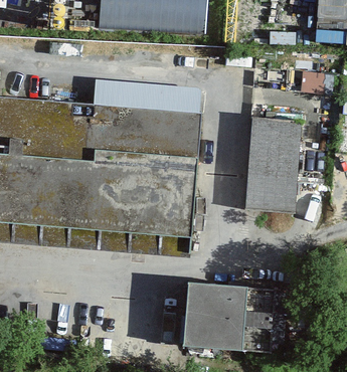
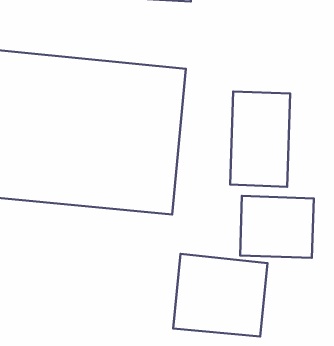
building: none -> [240,196,314,258]

